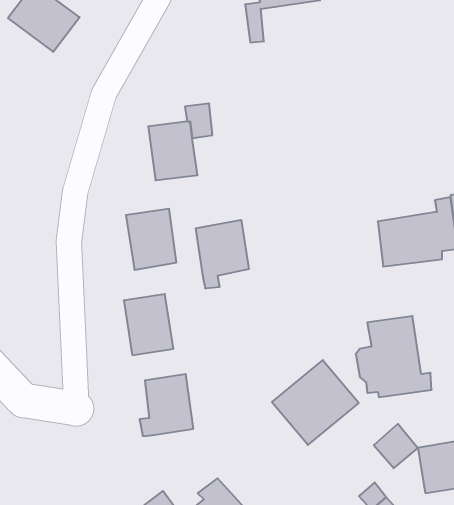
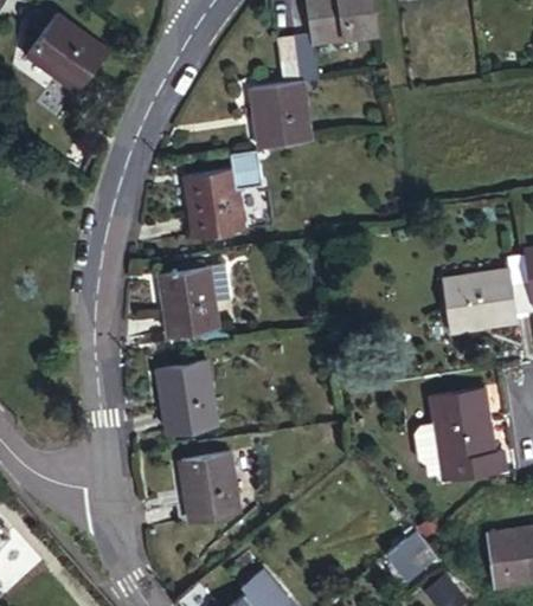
building: none -> [252,38,308,148]
building: [196,220,249,289] -> none
building: [272,360,359,445] -> none
building: [374,424,418,468] -> [388,528,438,578]

